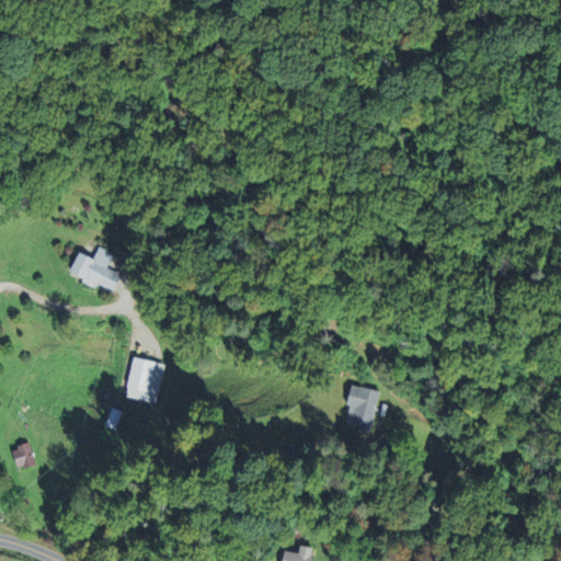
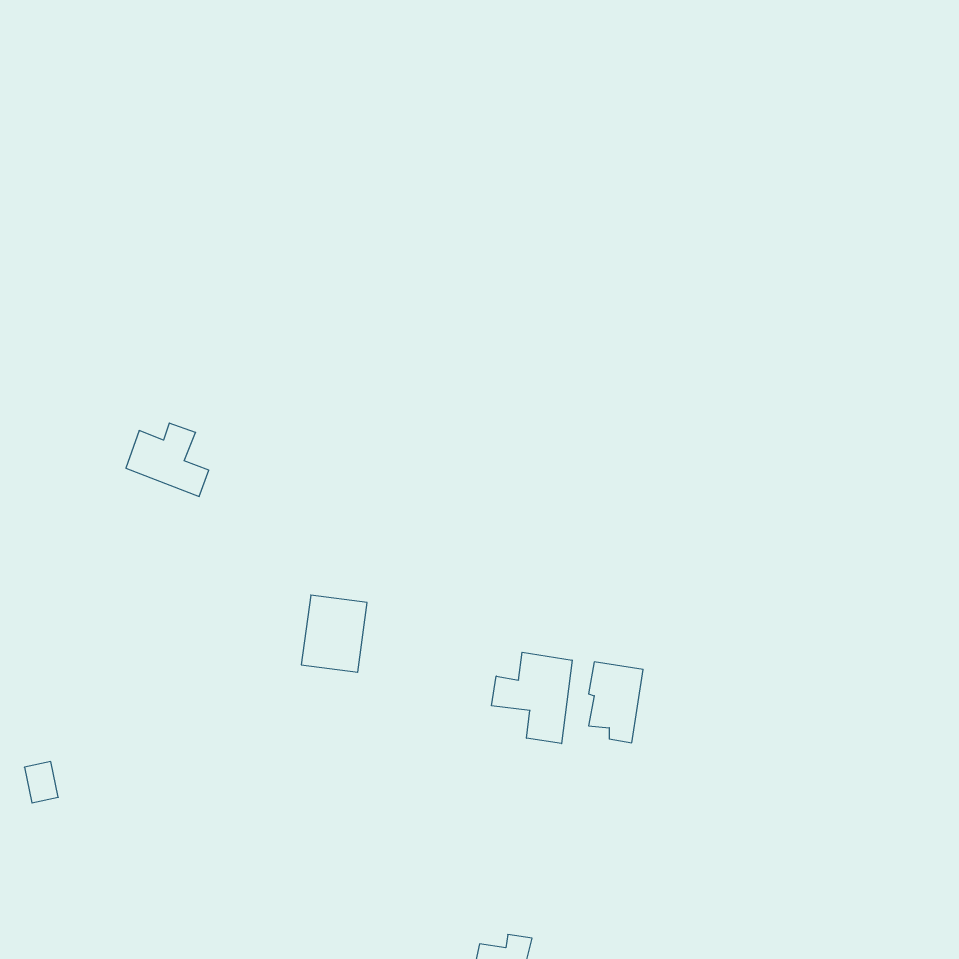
building: [124,358,162,403] -> [301,595,367,672]
building: none -> [492,652,572,744]

